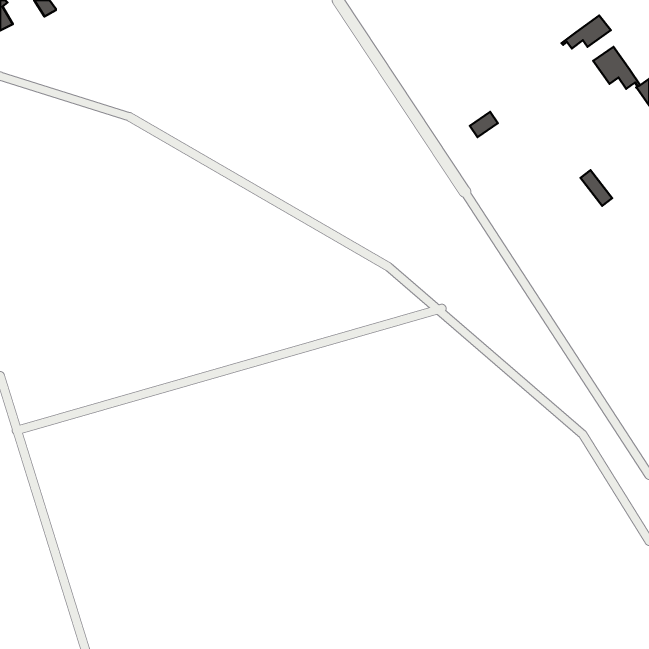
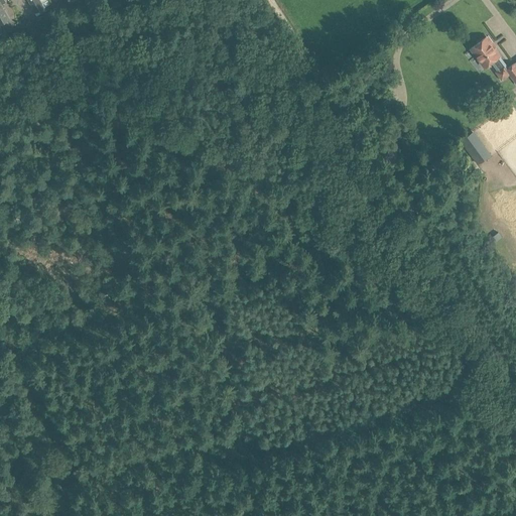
building: [562,15,611,49] -> none

